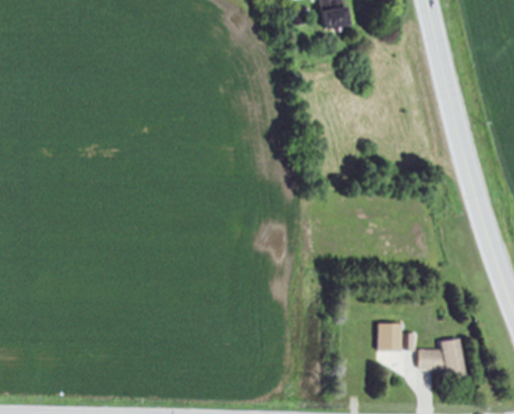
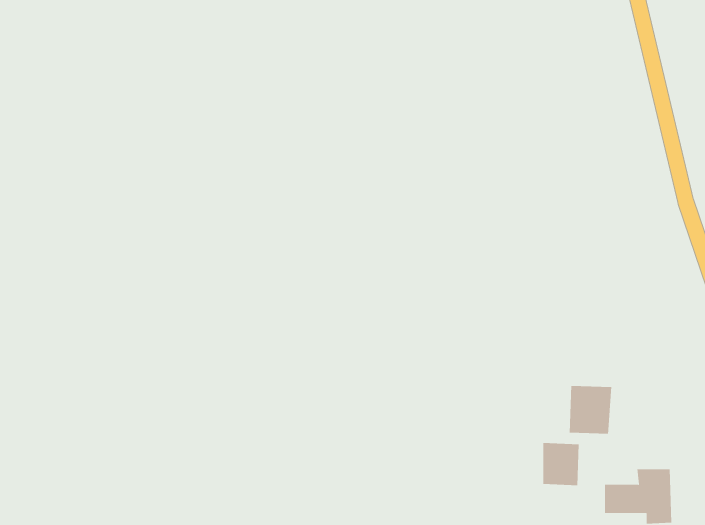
building: none -> [569,385,612,435]

